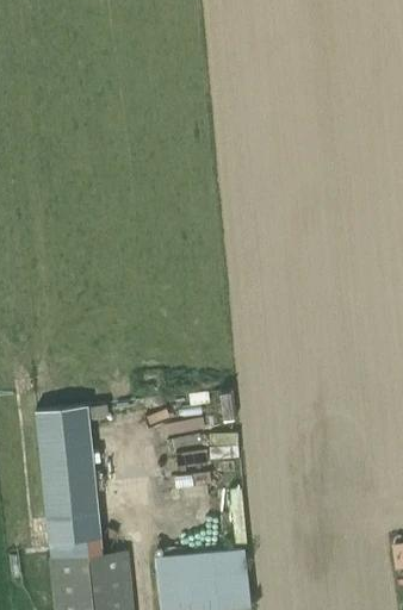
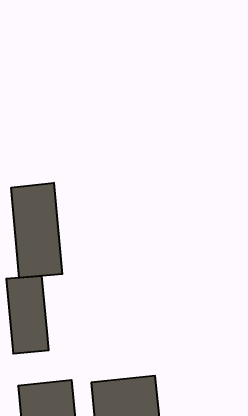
building: none -> [11,183,62,278]
building: [45,512,98,546] -> none

